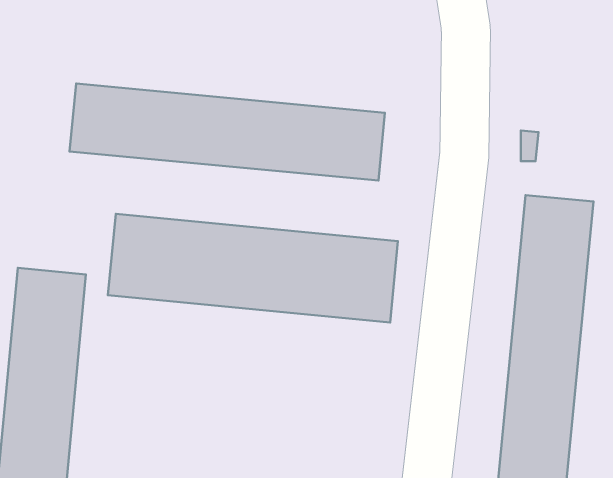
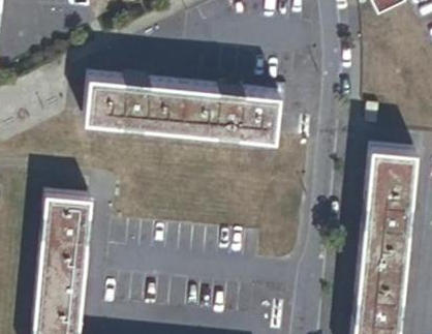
building: [108,214,398,322] -> none

